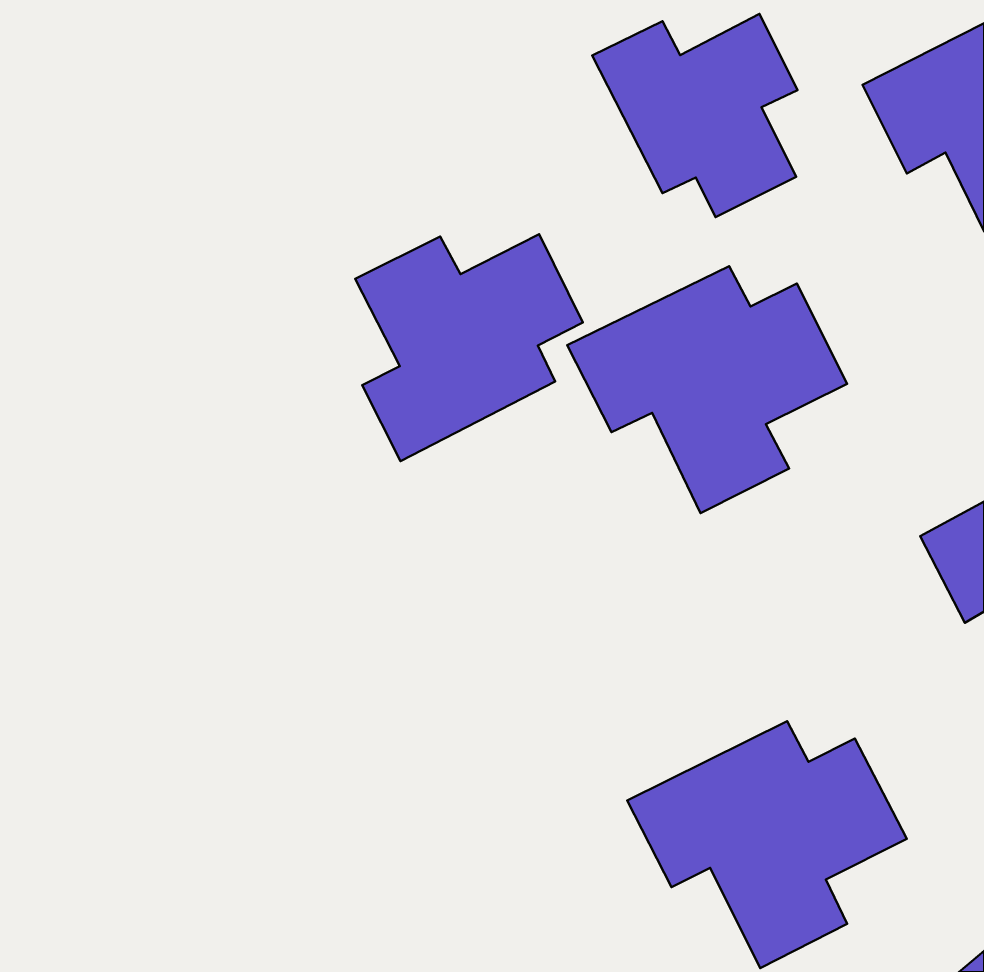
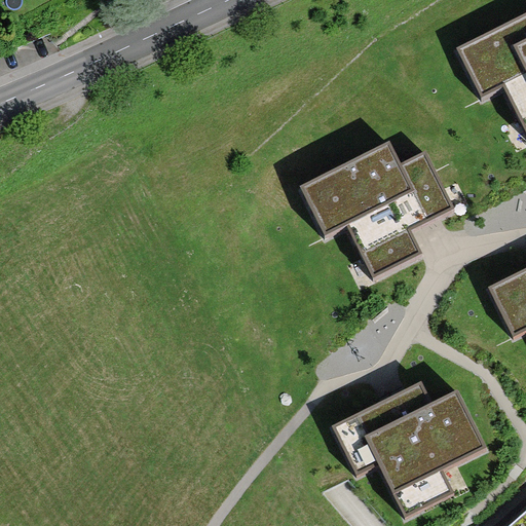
building: [592,14,798,217] -> none
building: [355,234,583,461] -> none

